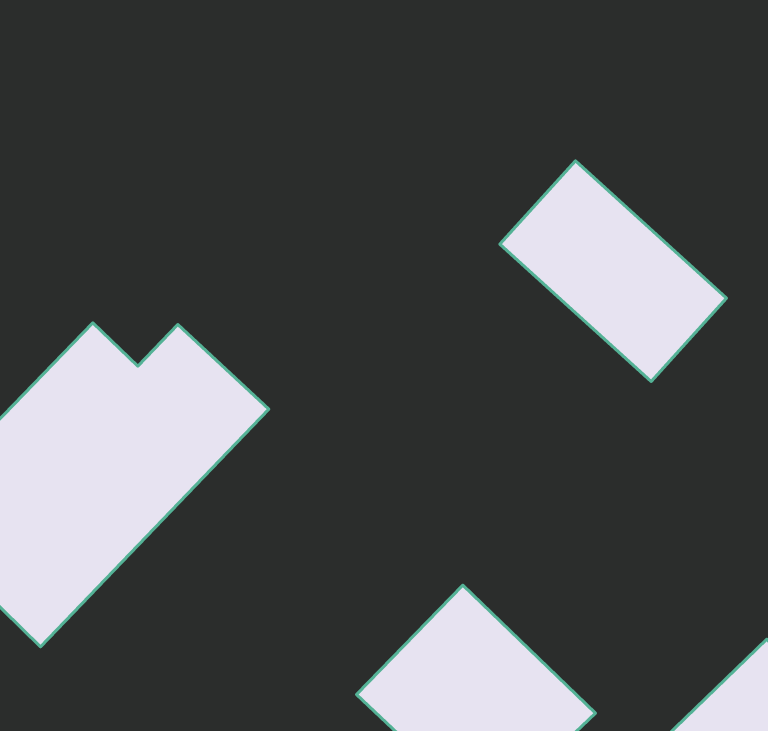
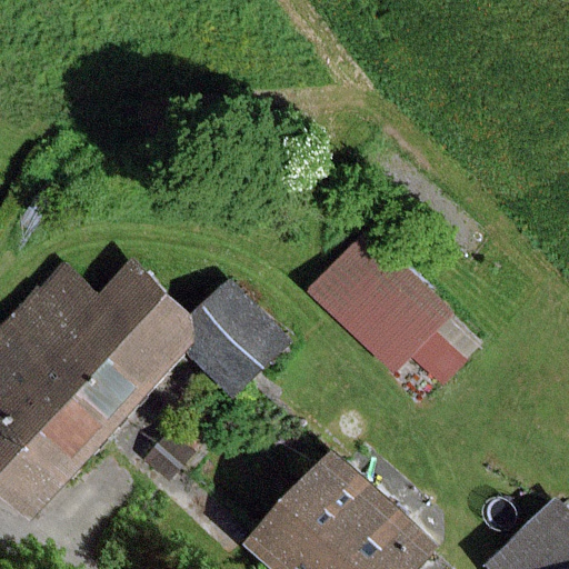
building: [500,161,727,381] -> [310,232,473,391]
building: none -> [188,298,281,389]

